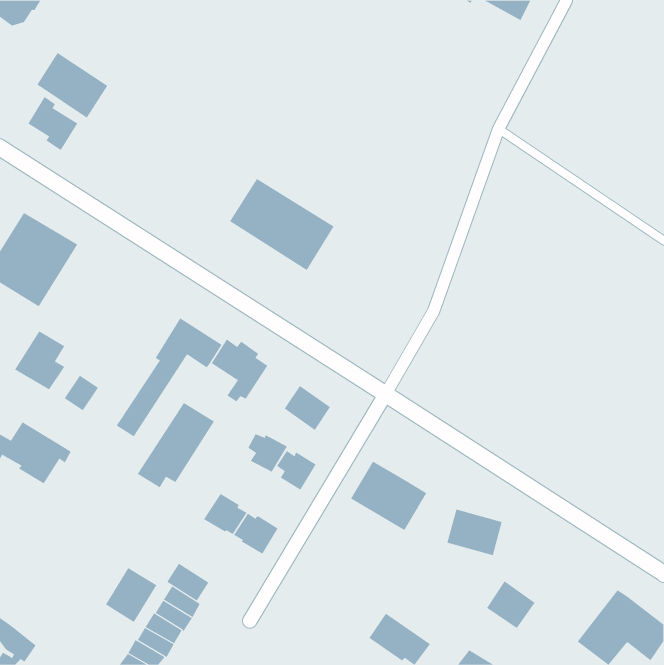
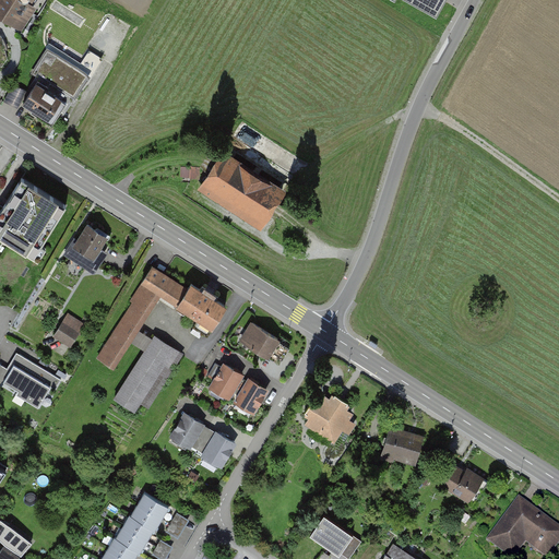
building: [14,330,65,390] -> [63,222,106,272]
building: [167,563,209,602] -> none
building: [105,567,157,623] -> none
building: [486,581,535,629] -> [440,463,481,503]

